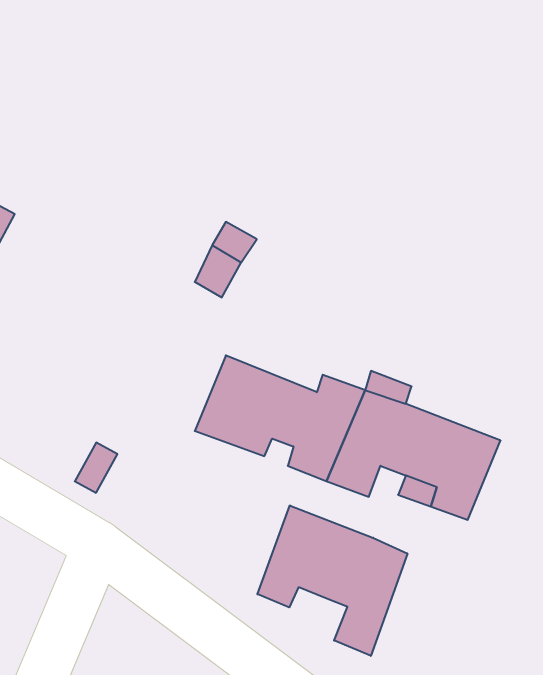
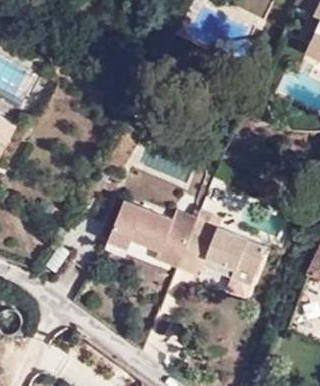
building: [257,505,407,656] -> none

